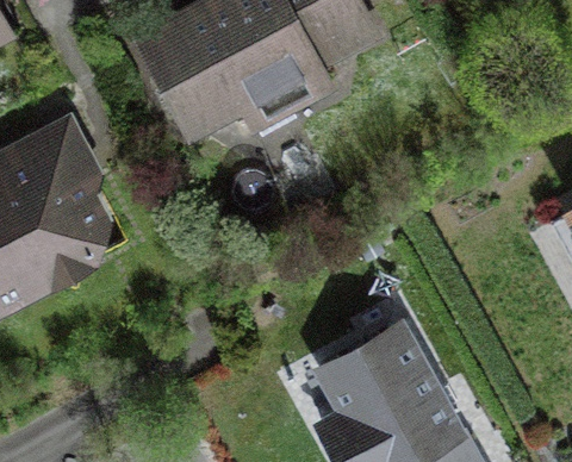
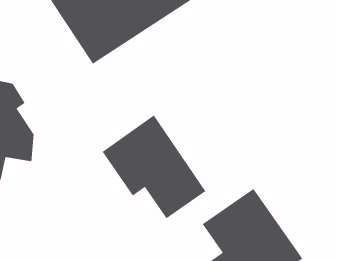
building: none -> [102,115,206,219]

